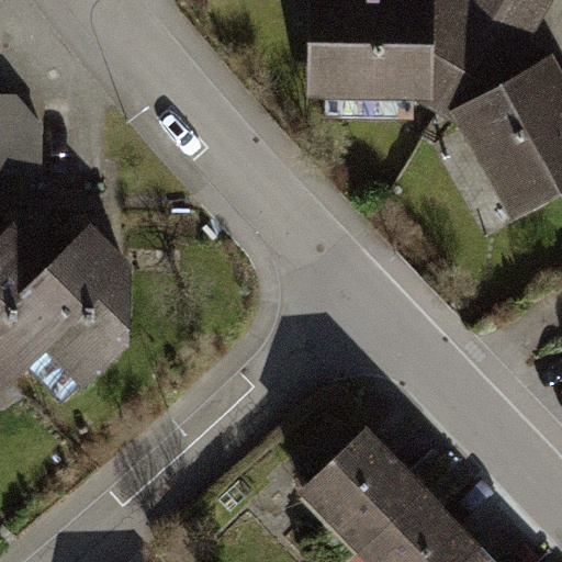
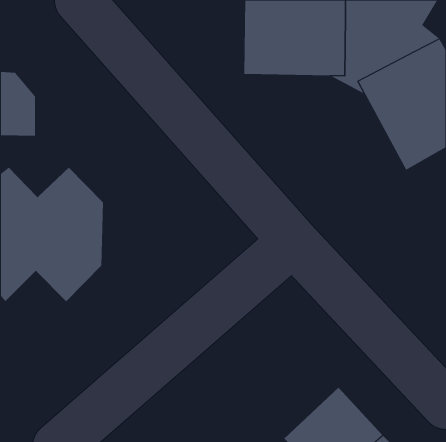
building: [301,432,426,557] -> none

